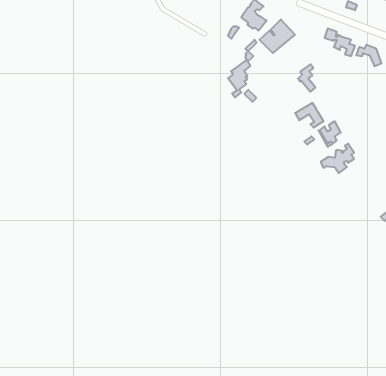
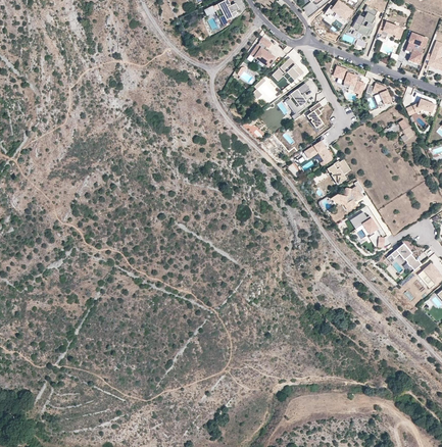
building: [228,60,250,97] -> [287,83,309,120]
building: none -> [350,211,384,247]

